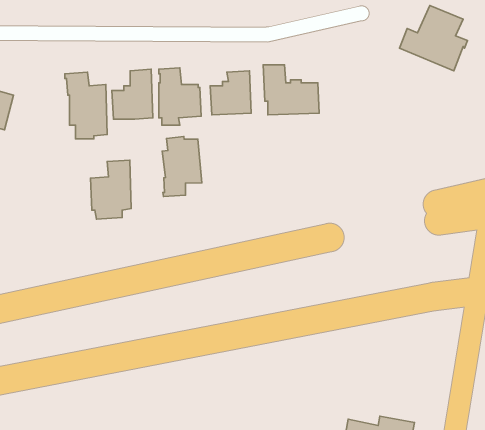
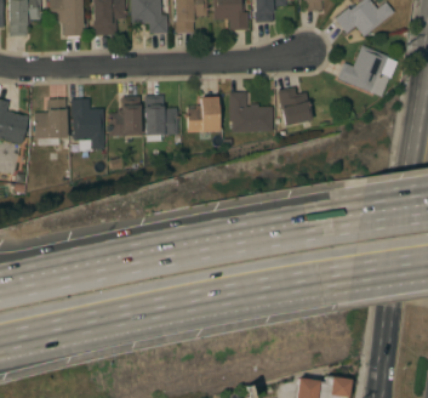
building: none -> [278,86,313,126]
building: [162,137,202,196] -> none
building: [90,160,131,219] -> [34,98,67,146]

